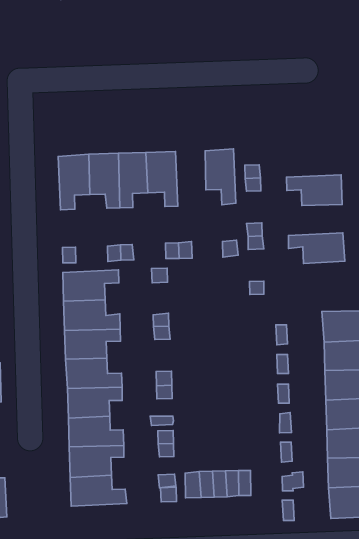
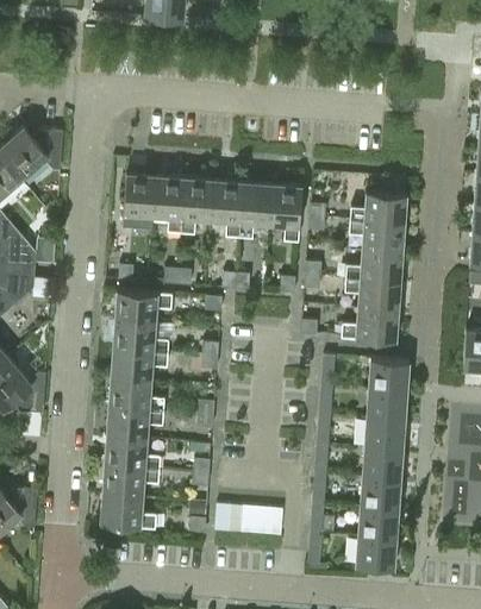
building: none -> [351,193,408,225]
building: none -> [239,183,273,238]
building: none -> [346,251,404,283]
building: none -> [342,309,400,341]

